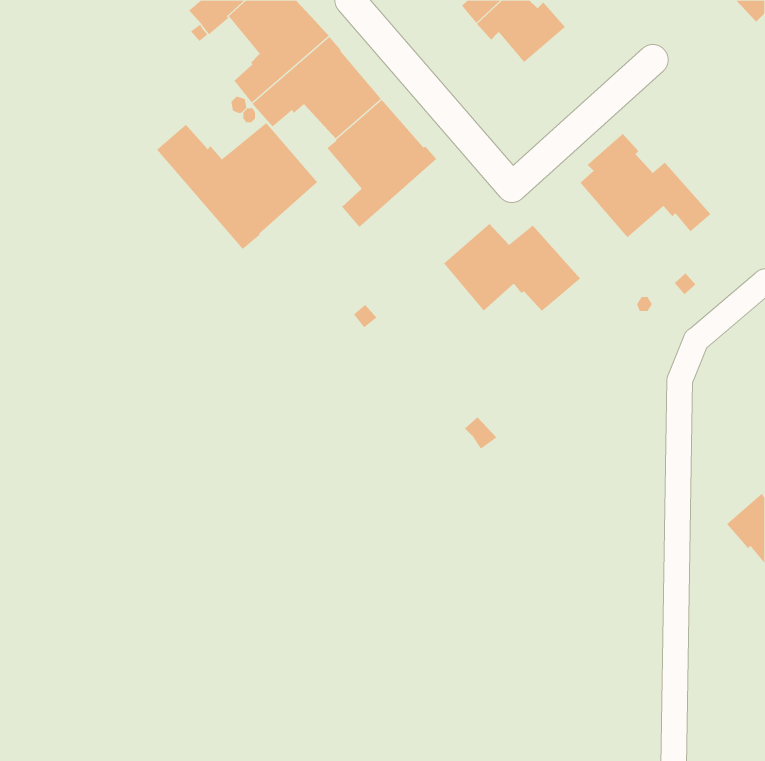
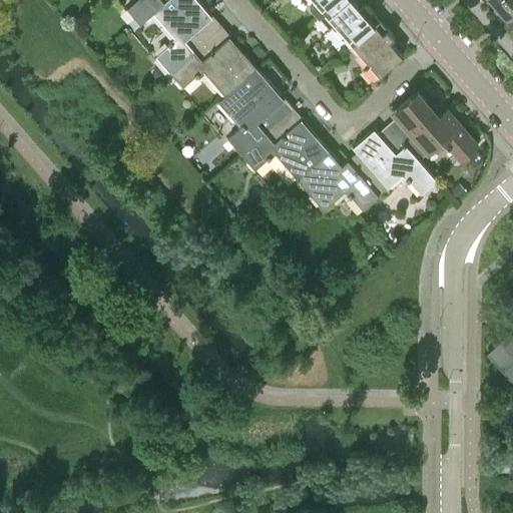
building: none -> [351,21,402,81]
building: [156,122,318,250] -> none
building: none -> [240,109,328,179]
building: none -> [353,125,436,195]

